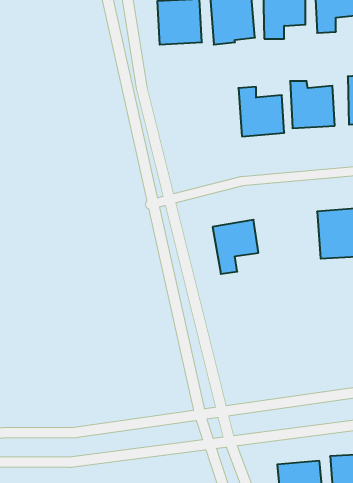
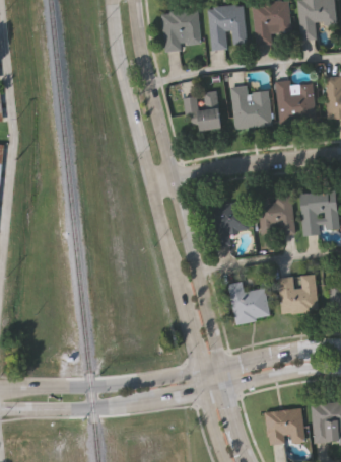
building: none -> [184,90,221,130]
building: none -> [256,195,294,234]
building: none -> [278,274,318,313]
building: none -> [227,281,270,323]

